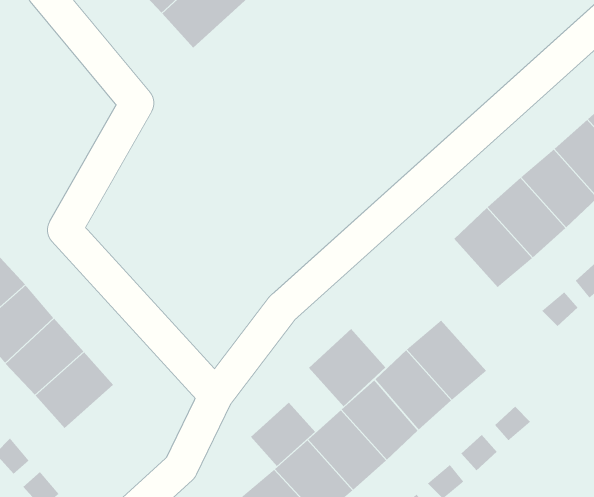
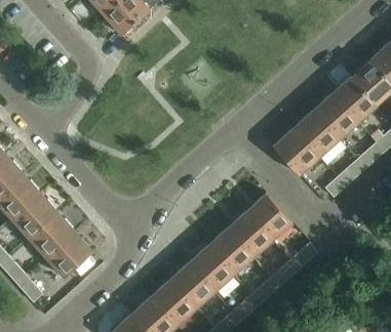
building: [308,328,386,407] -> none
building: none -> [45,232,91,278]
building: [250,402,316,467] -> none

